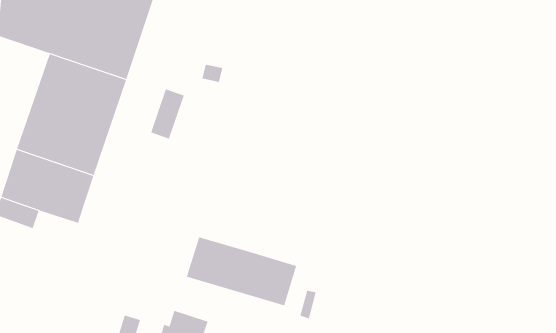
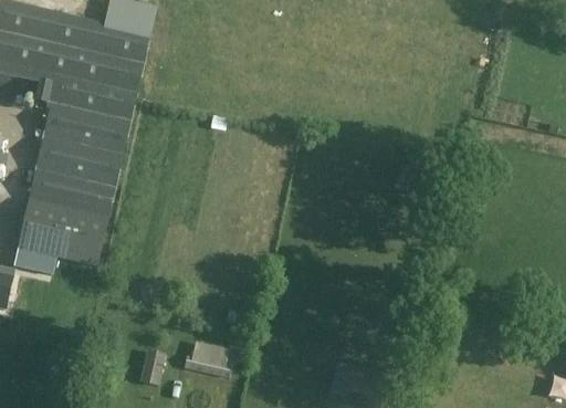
building: [150,89,184,140] -> none
building: [186,237,297,306] -> none

